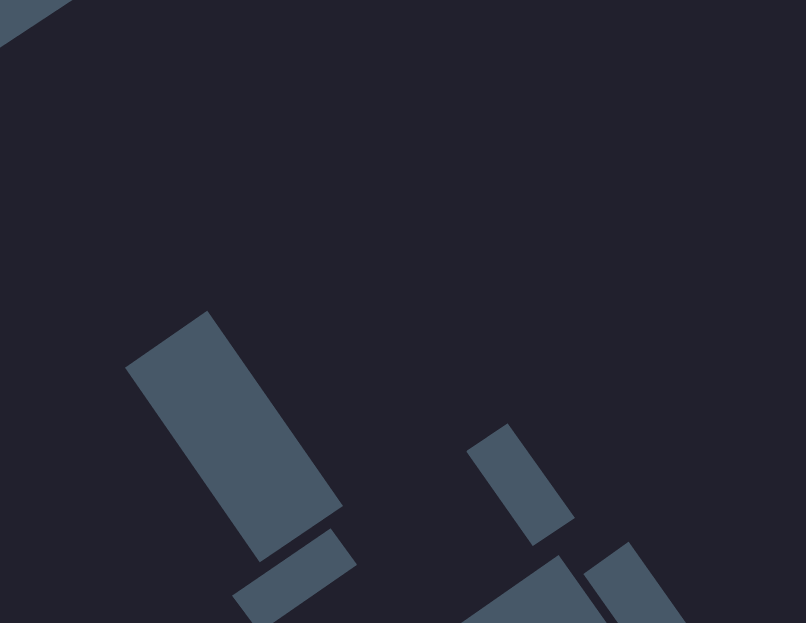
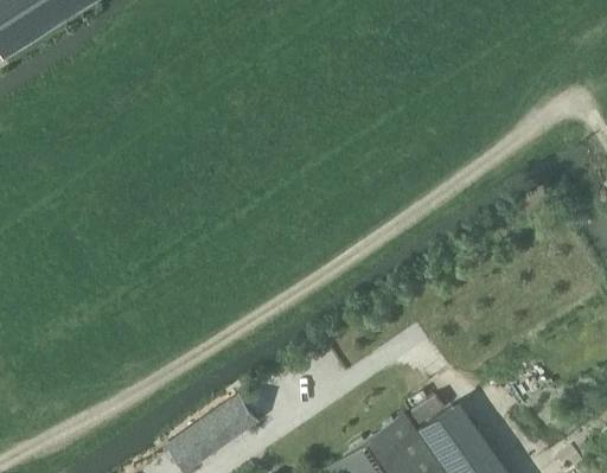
building: [124,309,344,564] -> none
building: [466,422,576,547] -> none

